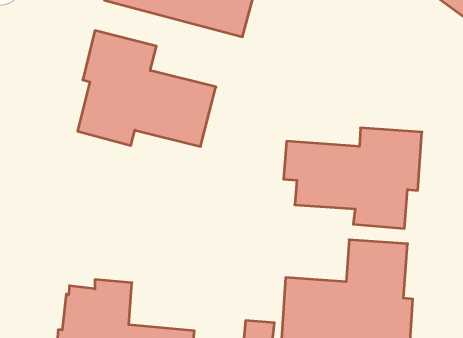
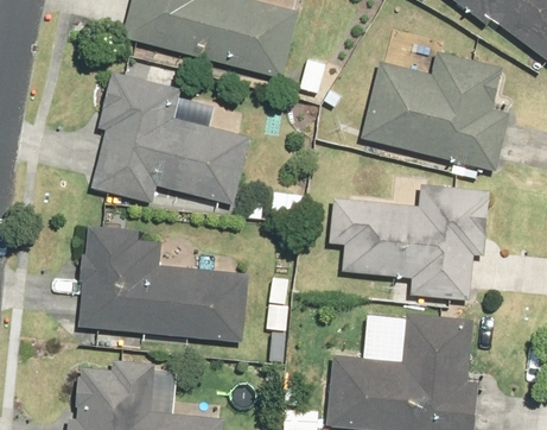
building: none -> [361,51,510,171]
building: none -> [77,226,248,342]

